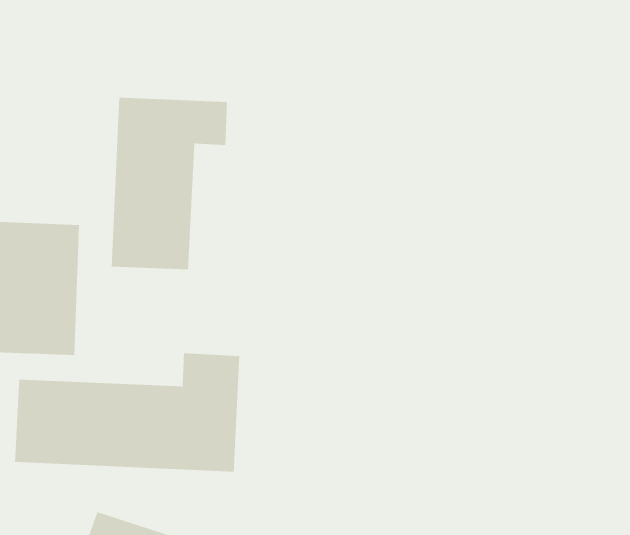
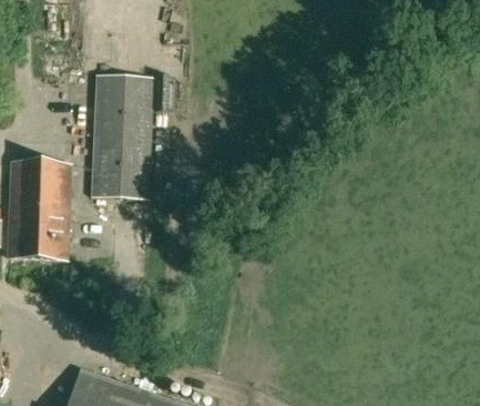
building: [14,353,240,472] -> none

